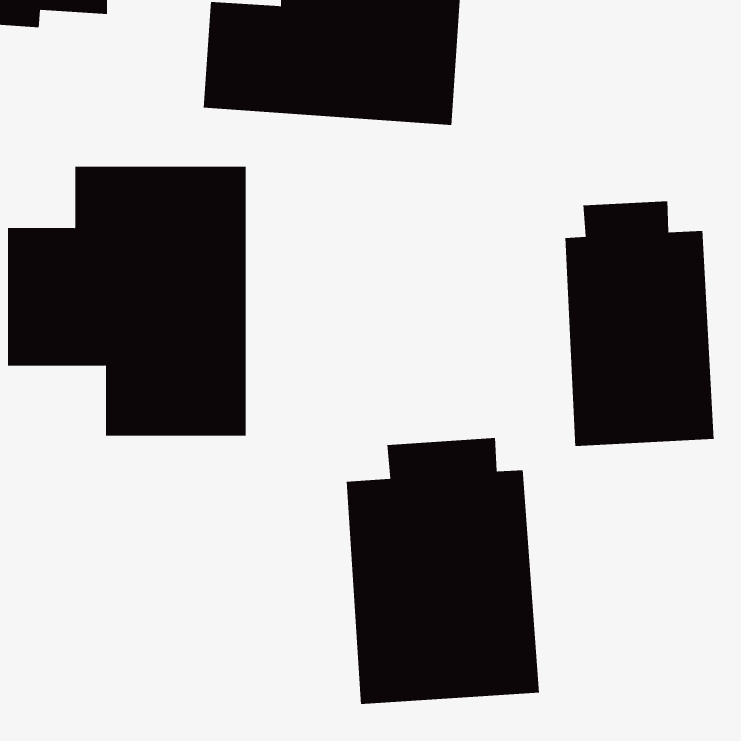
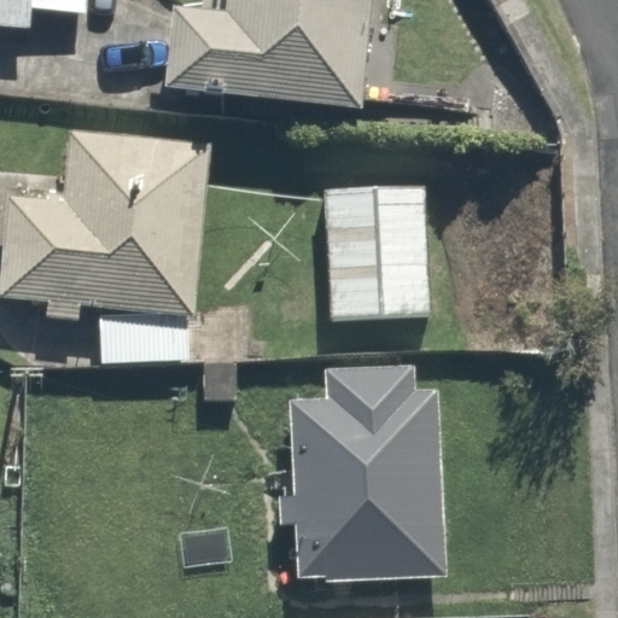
building: [565,200,714,447] -> none
building: none -> [315,180,430,322]

